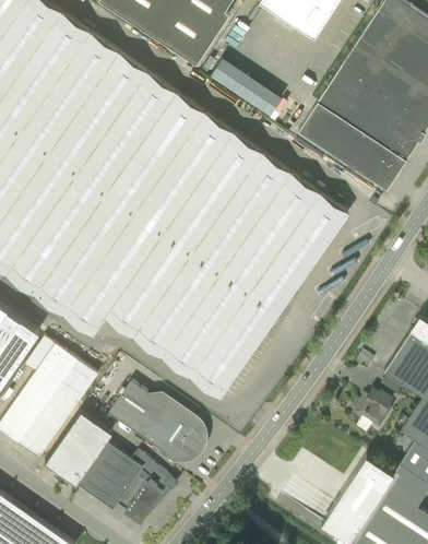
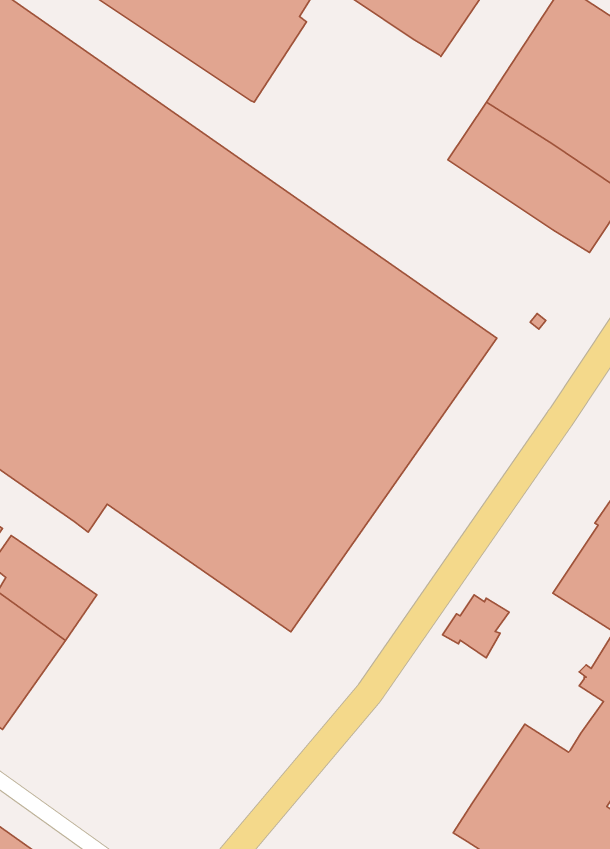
building: [213,57,286,116] -> none
building: [298,103,406,191] -> none
building: [108,381,204,460] -> none
building: [352,389,393,428] -> [443,595,509,658]
building: [45,411,173,524] -> none

